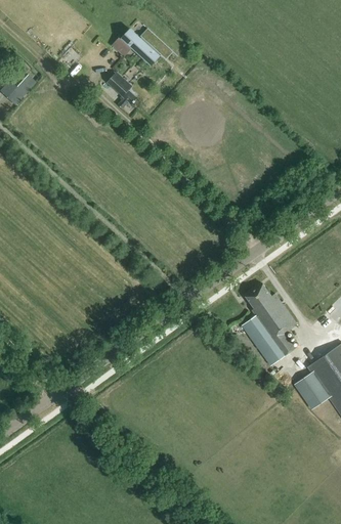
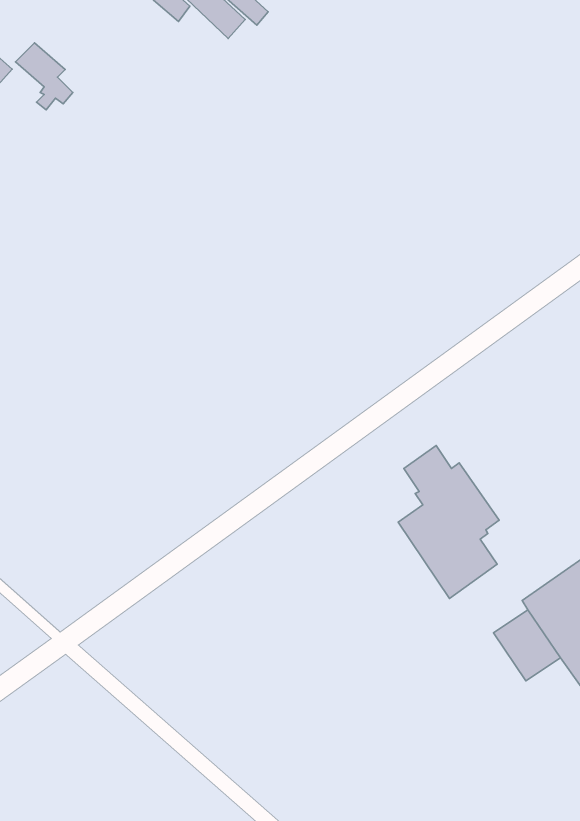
building: [105,72,136,107] -> [15,43,73,110]

